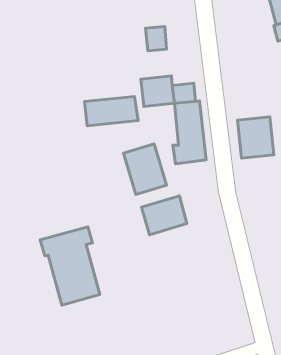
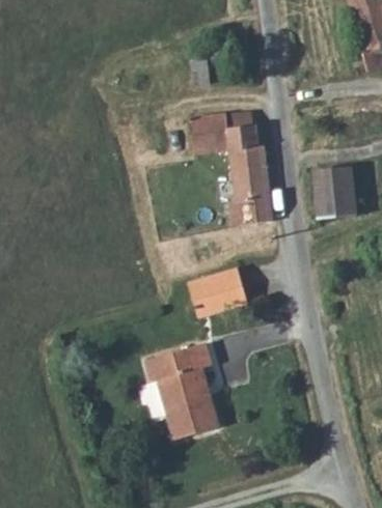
building: [85,96,138,126] -> none
building: [123,144,167,195] -> none
building: [40,227,100,305] -> [144,341,221,442]

